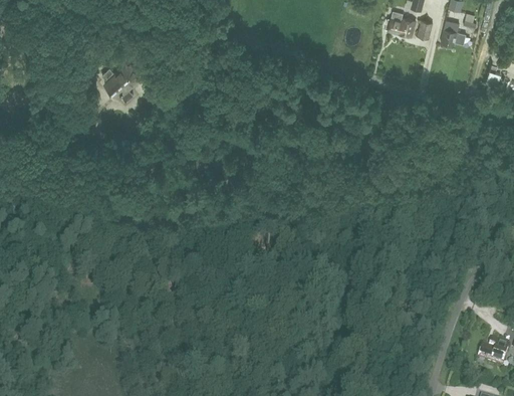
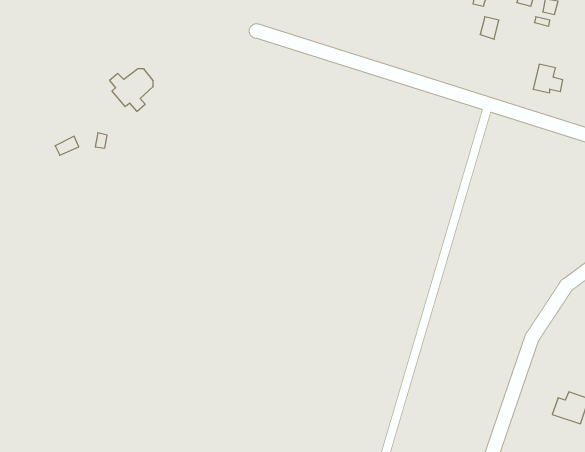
building: [384,11,415,36] -> none
building: [441,21,466,45] -> [533,64,563,93]

